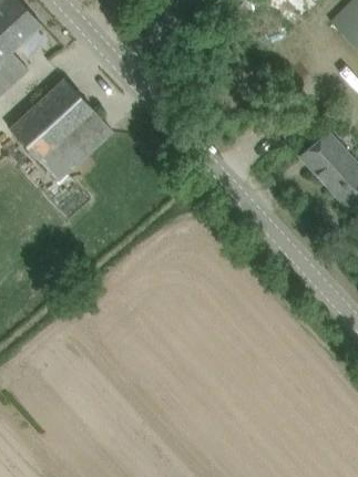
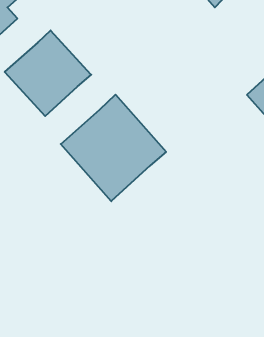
building: none -> [61,95,166,201]

